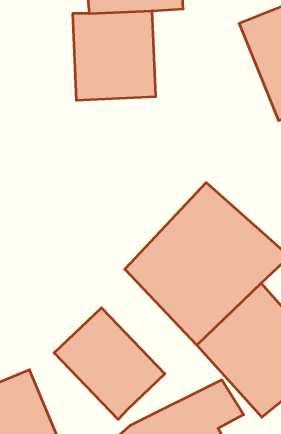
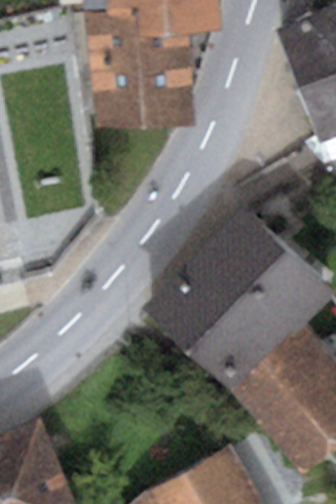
building: [54,308,165,419] -> none

